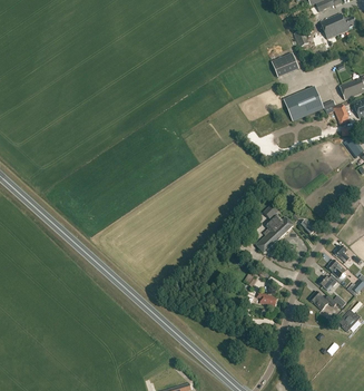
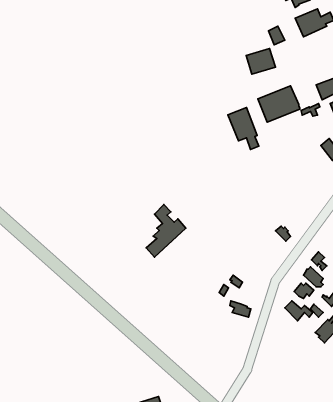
building: none -> [228,107,259,149]
building: [256,203,294,253] -> [146,205,186,257]

